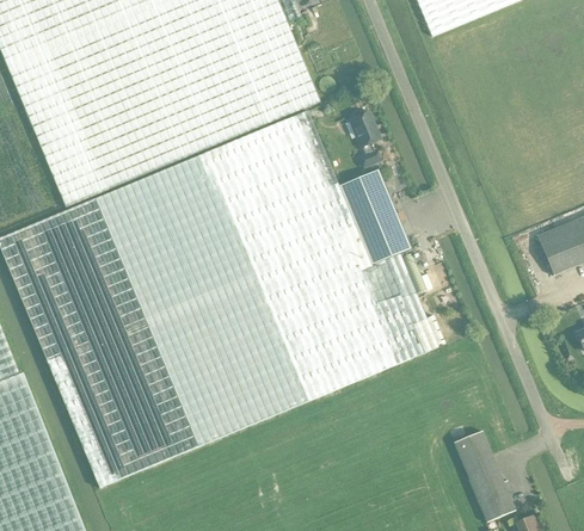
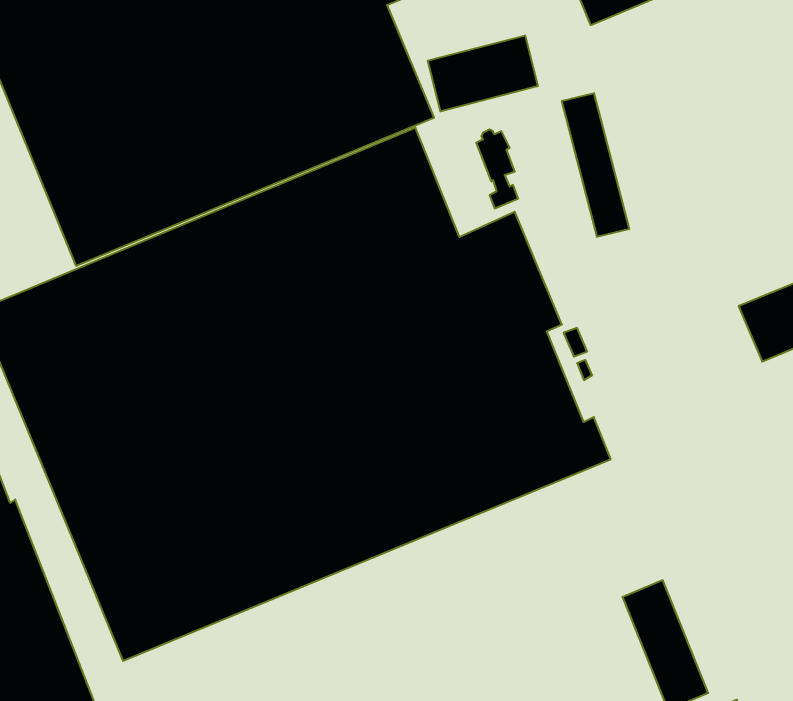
building: none -> [428,35,538,111]
building: none -> [562,93,629,237]

